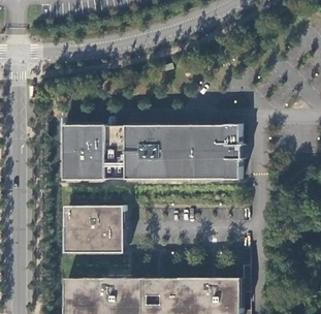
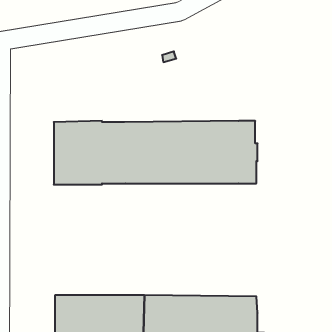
building: [64,206,123,252] -> none

